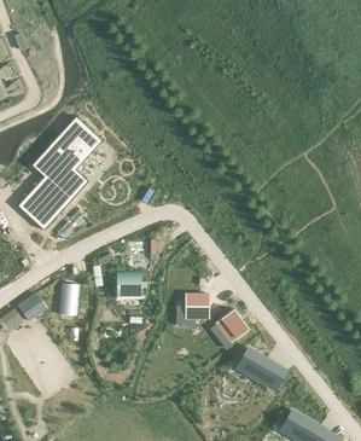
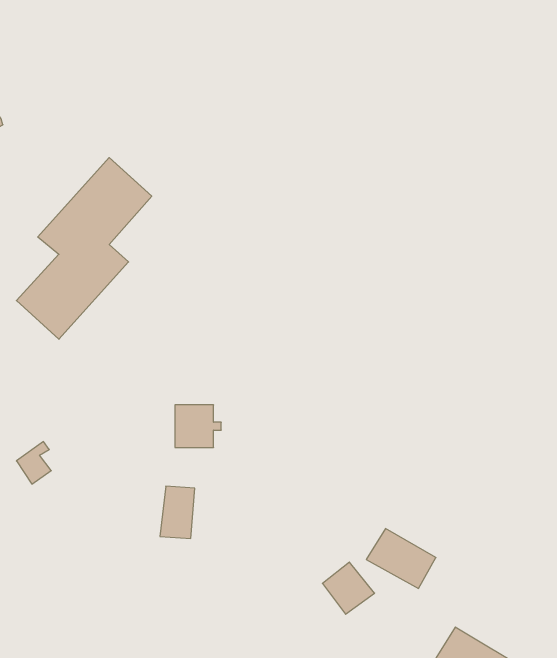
building: [57,283,78,315] -> [160,486,195,538]
building: [184,292,208,319] -> none
building: [215,309,248,342] -> [322,562,375,614]

